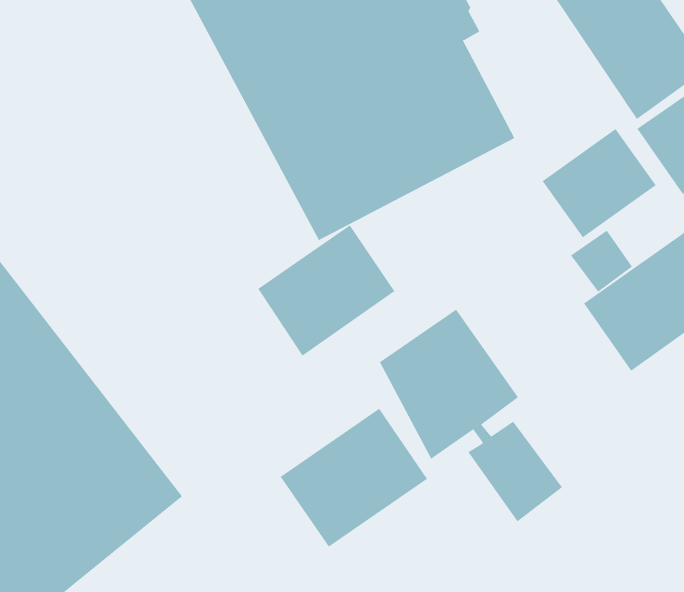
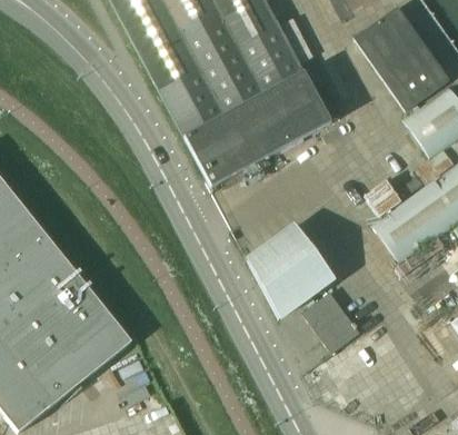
building: [542,128,657,238] -> none
building: [257,225,395,357] -> none
building: [280,408,428,548] -> none

